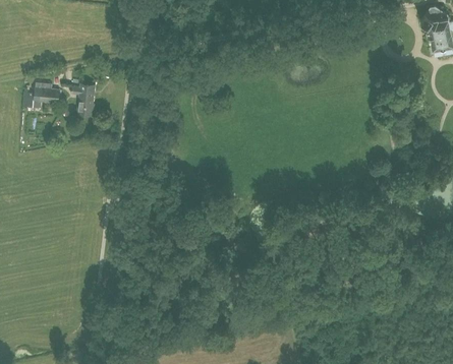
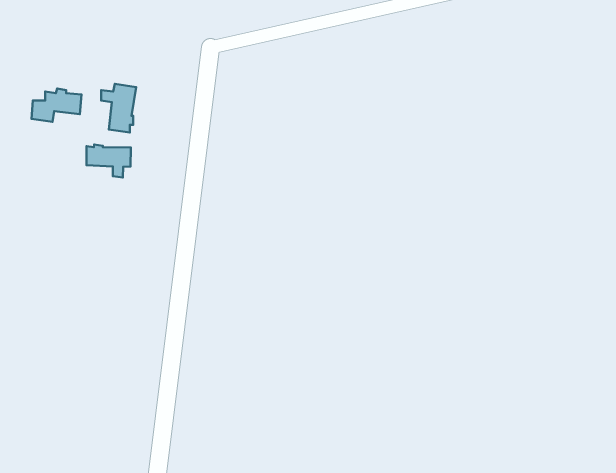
building: none -> [86,144,131,178]

